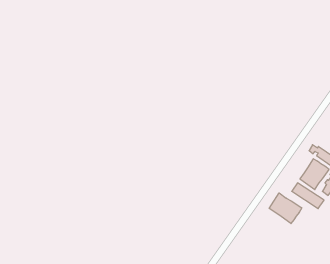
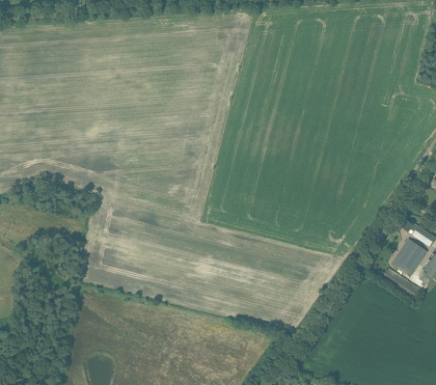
building: [269,193,302,224] -> none

